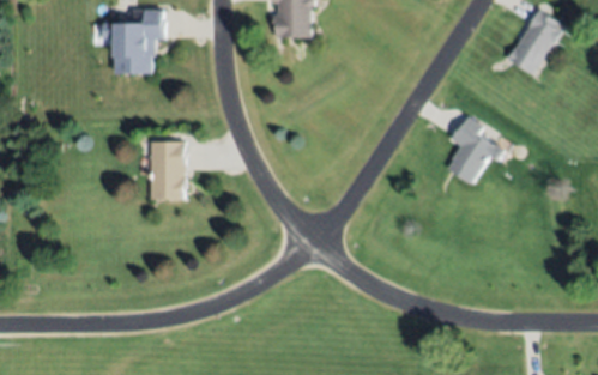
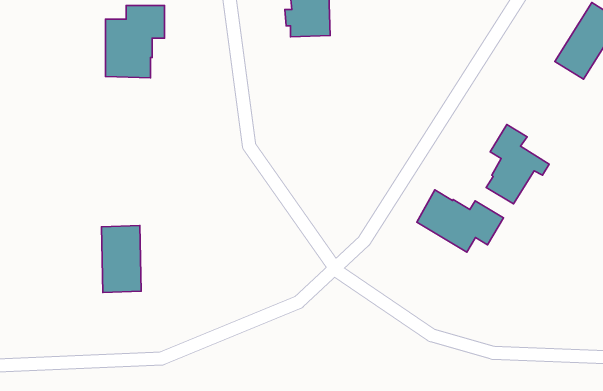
building: [150,141,185,200] -> [101,225,141,292]
building: none -> [417,190,504,252]

